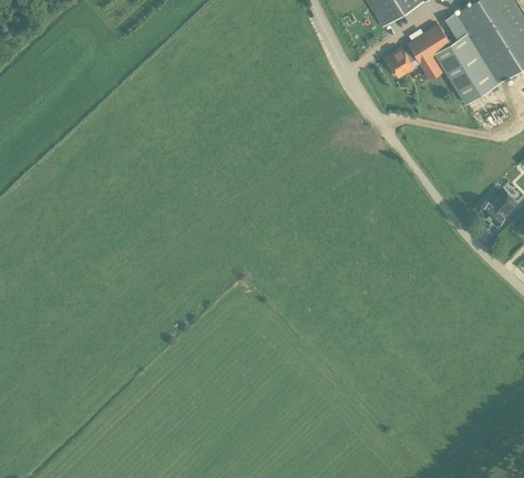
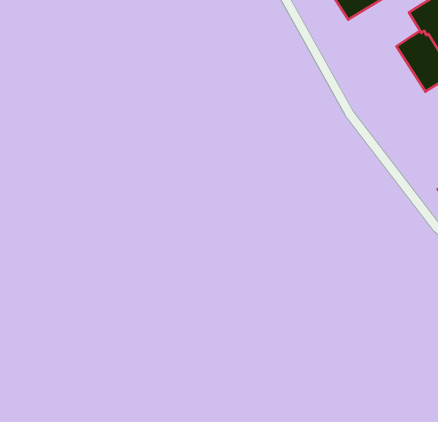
building: [386,23,451,76] -> none

